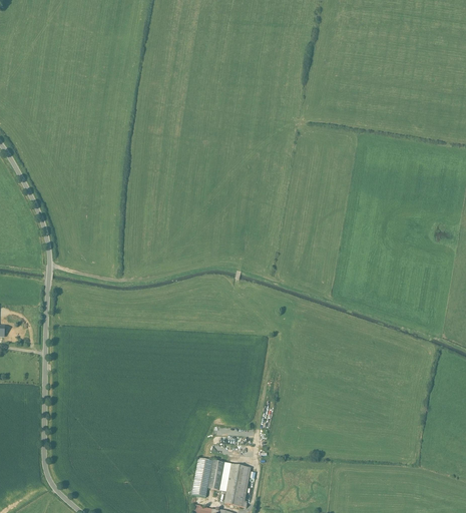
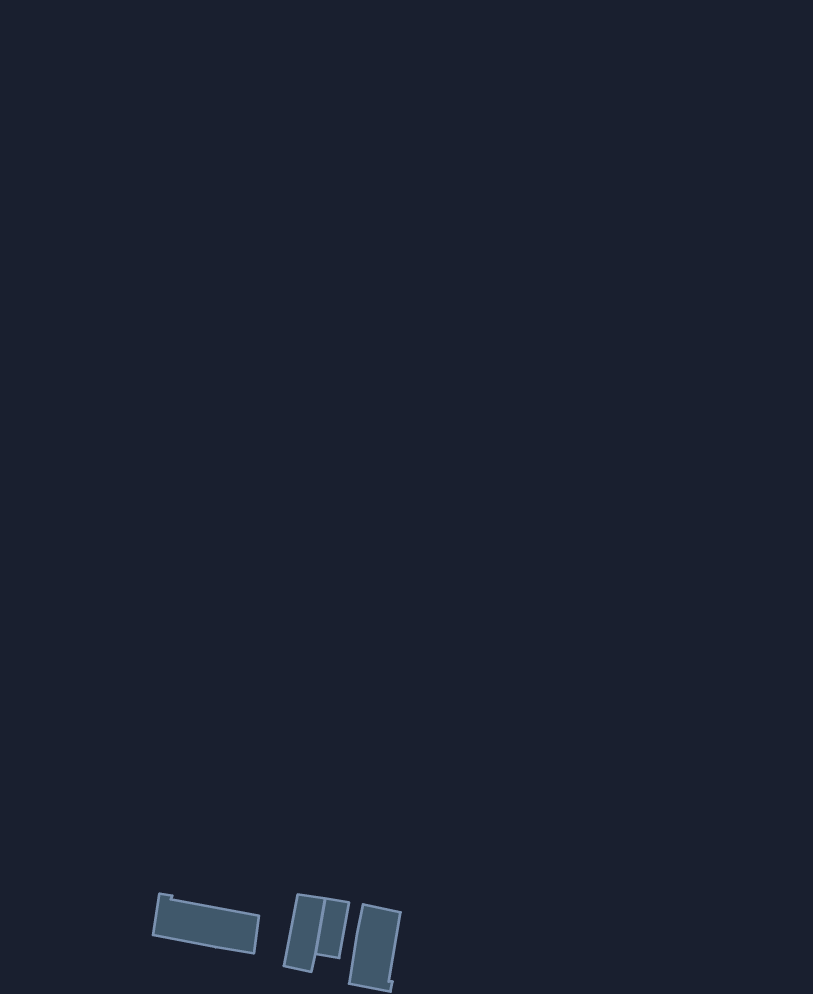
building: none -> [153,894,259,953]

